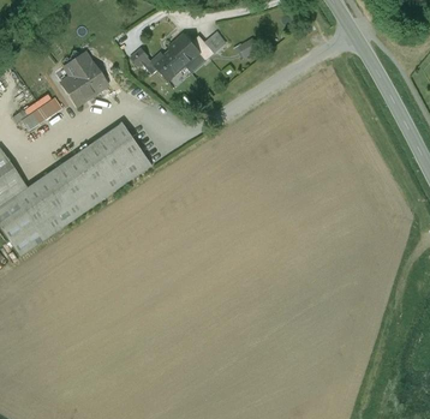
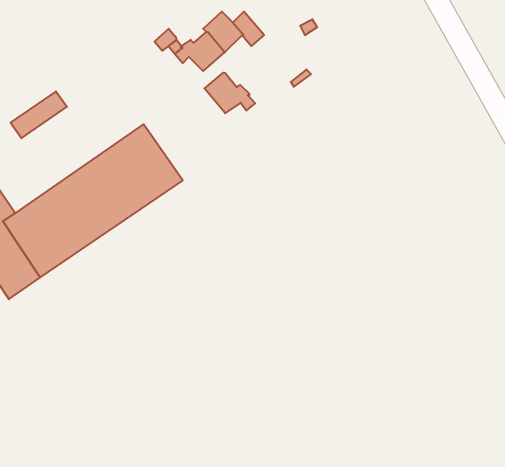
building: [61,53,107,104] -> none
building: none -> [204,73,255,113]

